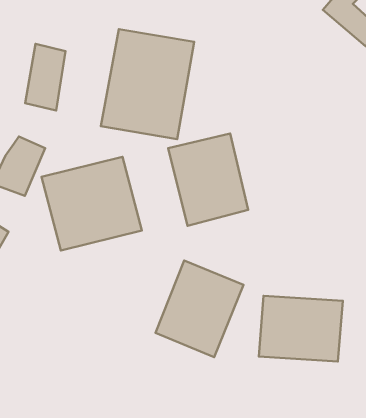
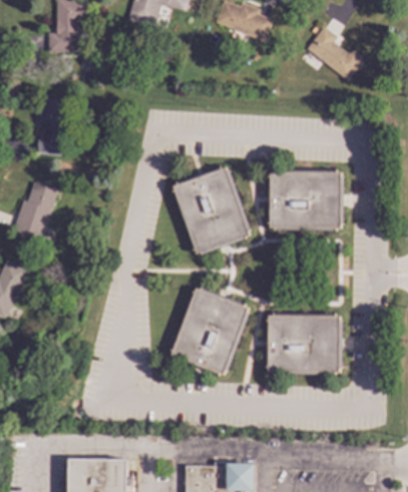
building: [101,29,194,139] -> none
building: none -> [269,171,343,228]
building: [41,157,142,250] -> none

